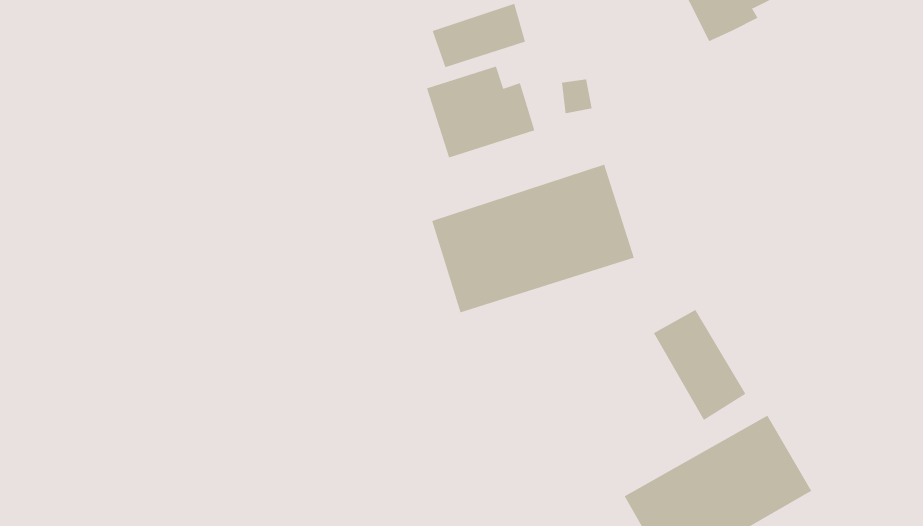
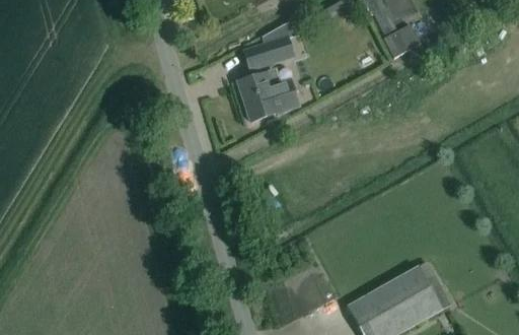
building: [432,164,635,313] -> none
building: [653,309,746,421] -> none

